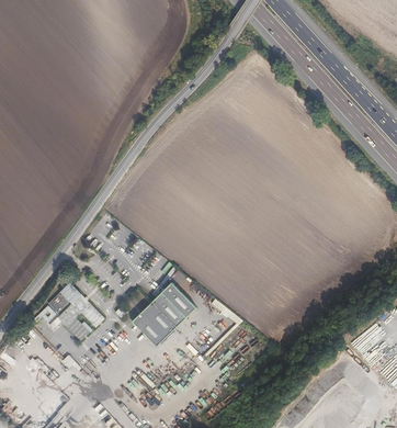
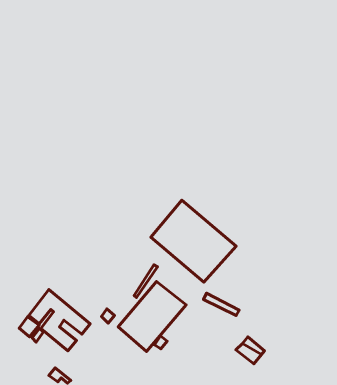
building: none -> [151,200,236,282]

